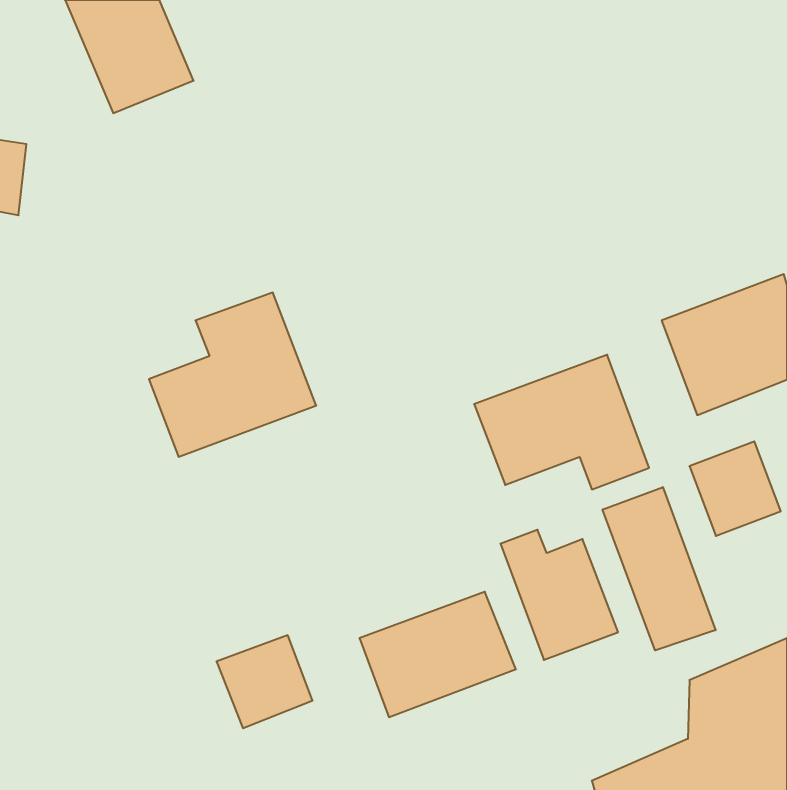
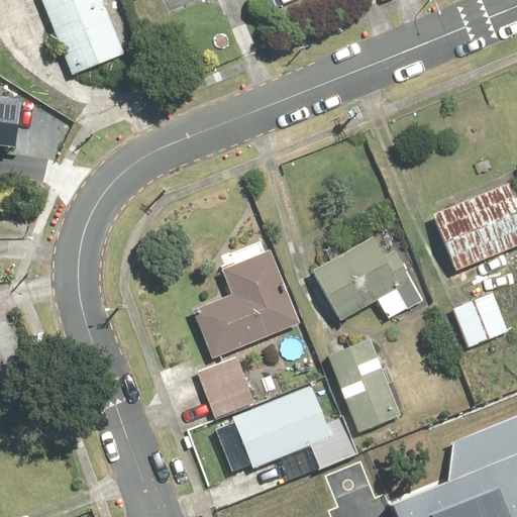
building: [149,293,316,457] -> [193,250,302,357]
building: [603,487,716,650] -> none
building: [216,635,313,728] -> [196,357,258,418]

